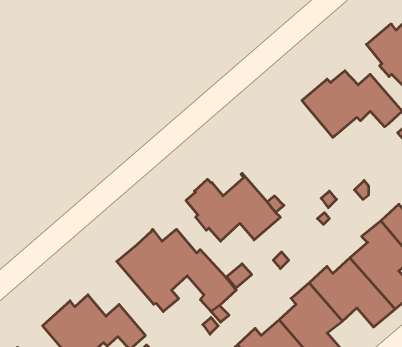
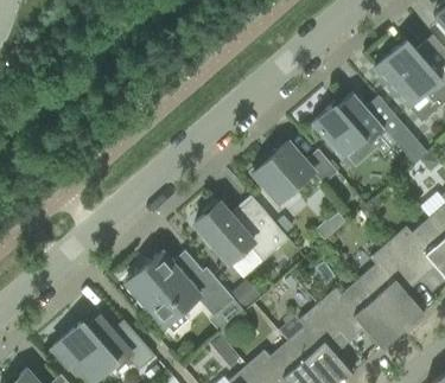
building: none -> [253,142,337,203]

